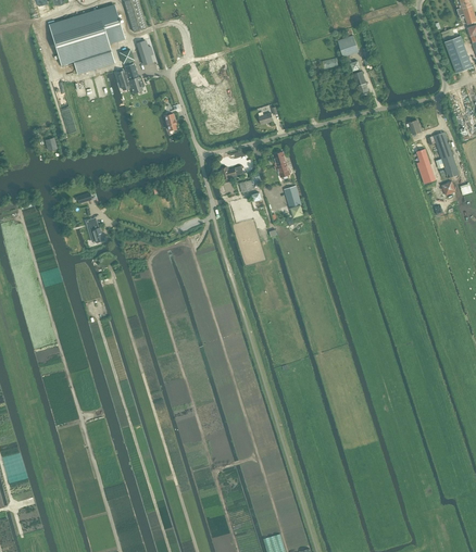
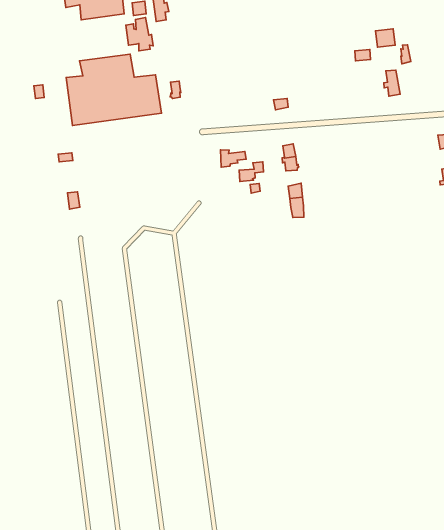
building: none -> [66,54,161,126]

